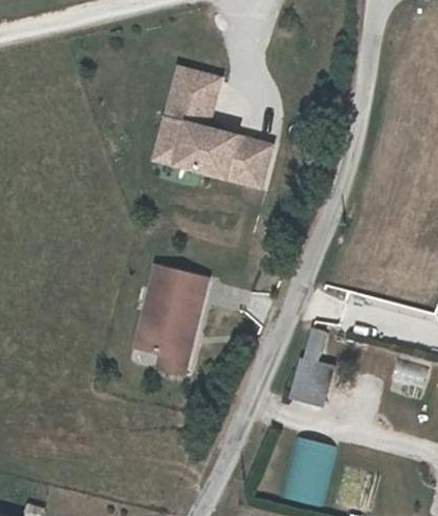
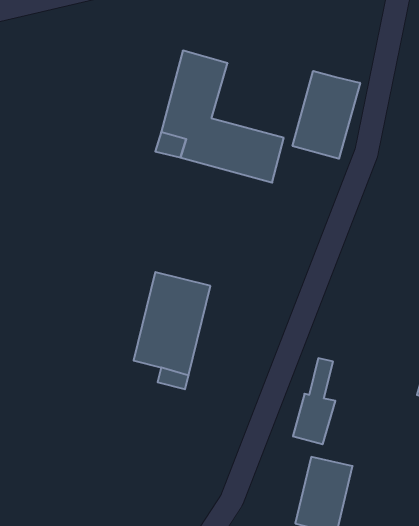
building: none -> [293,71,360,159]

